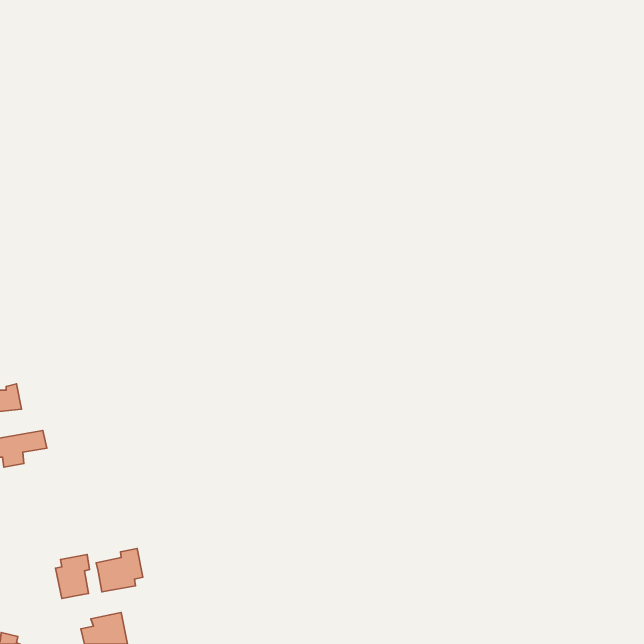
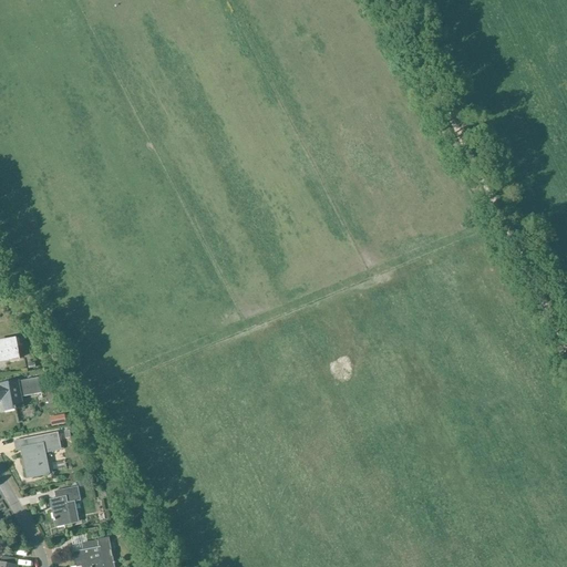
building: none -> [22,432,60,477]
building: [96,548,143,592] -> none

